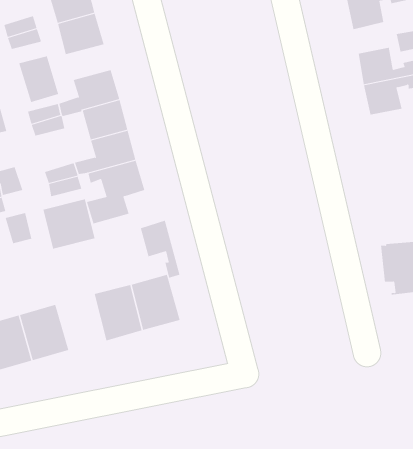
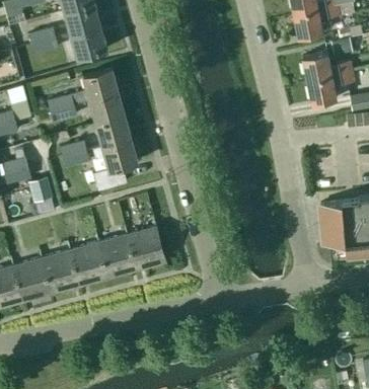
building: [19,55,59,103] -> none
building: [43,199,95,249] -> none
building: [140,220,180,278] -> none
building: none -> [69,242,107,286]

